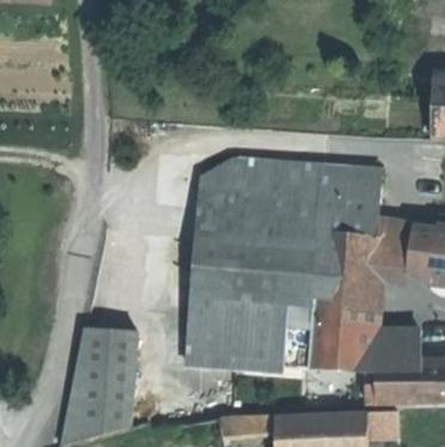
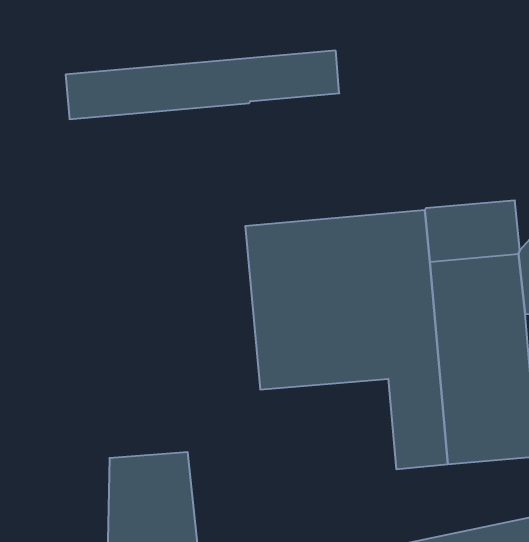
building: [199,156,383,199] -> [66,51,339,119]
building: [184,296,276,367] -> none

